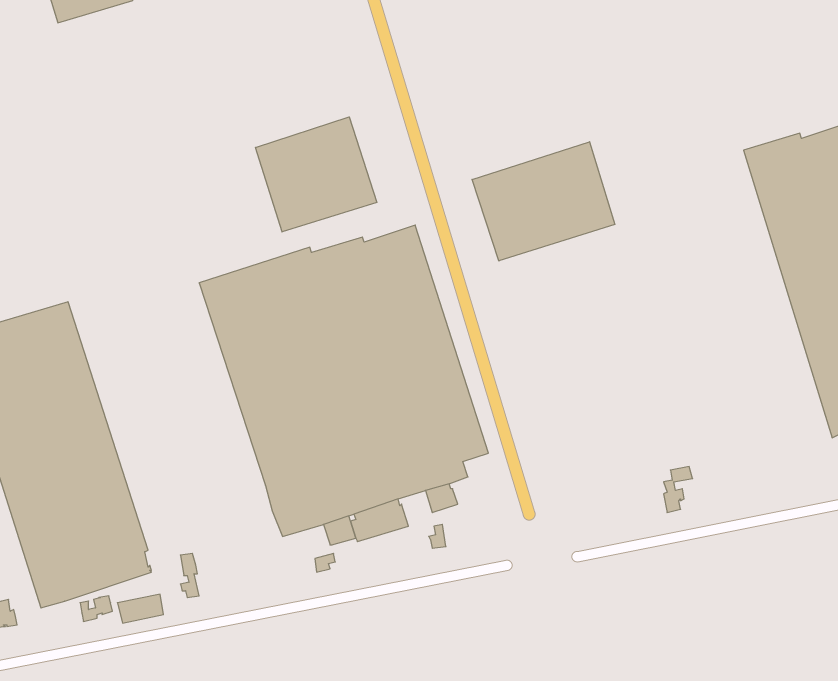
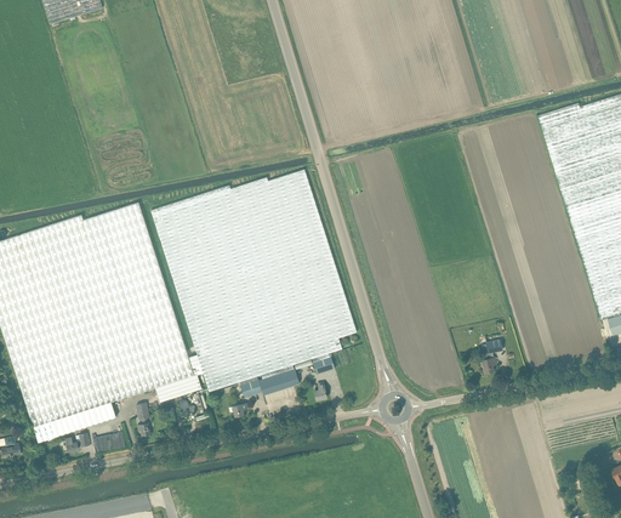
building: [256,117,377,232] -> none
building: [472,142,615,261] -> none
building: none -> [57,203,203,402]

